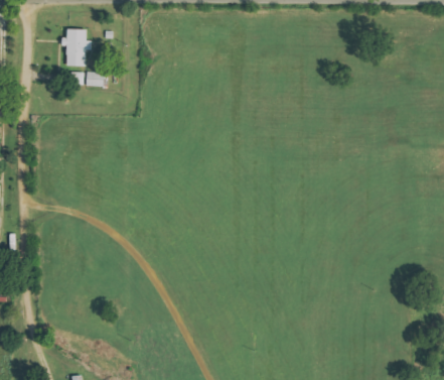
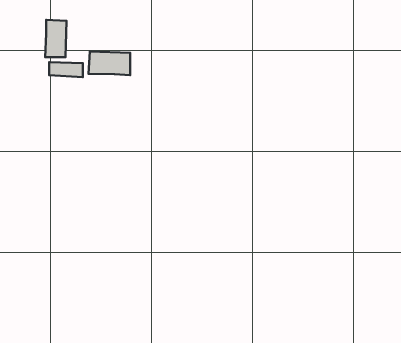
building: none -> [89,52,130,75]

